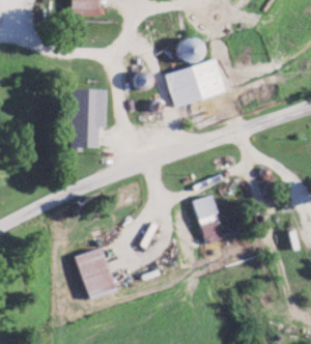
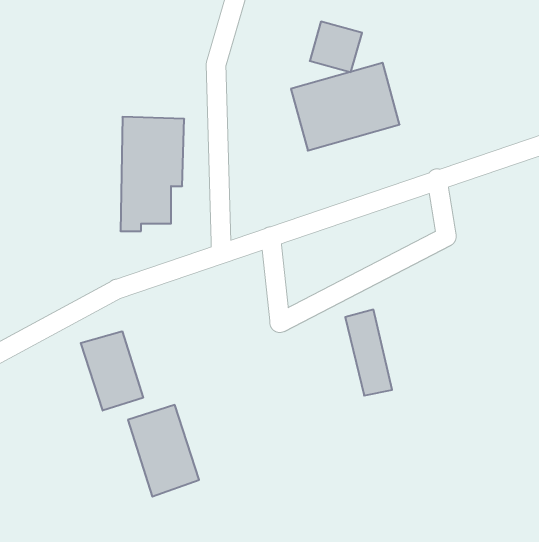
building: none -> [81,331,143,411]

